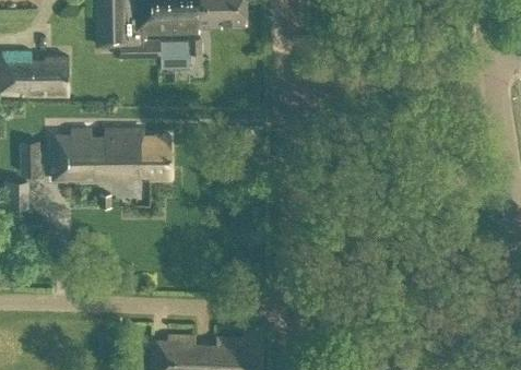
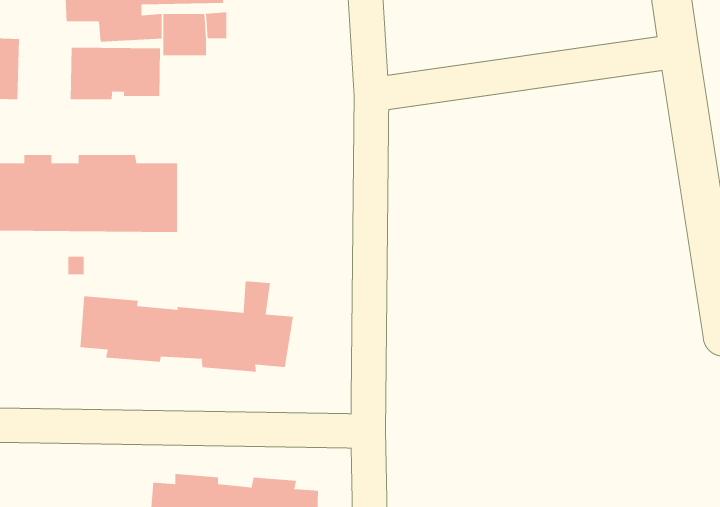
building: none -> [70,47,160,100]
building: none -> [80,281,294,372]

